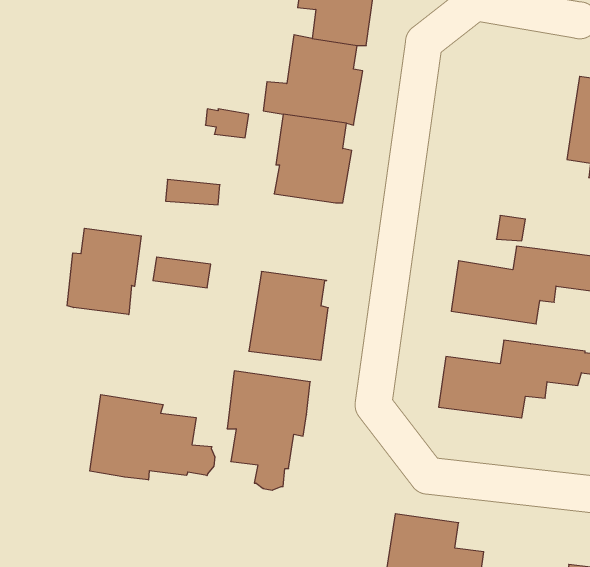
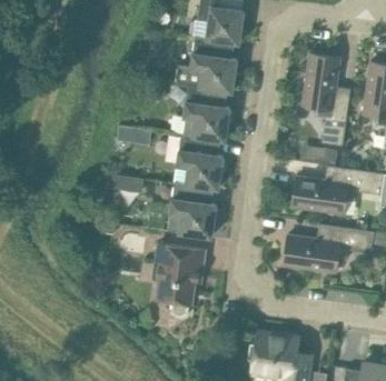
building: none -> [303,53,350,146]
building: none -> [175,134,222,189]
building: [67,228,141,315] -> none
building: [90,395,215,480] -> none

